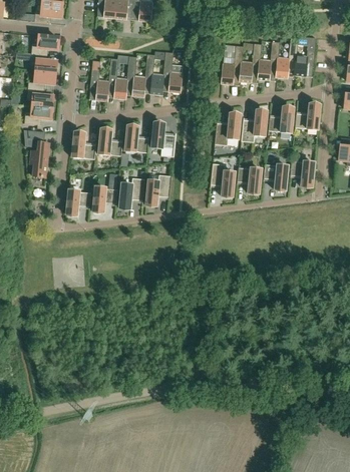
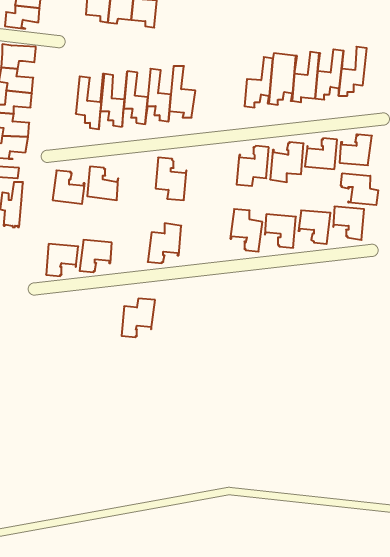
building: [124,126,149,152] -> none
building: none -> [341,173,378,205]
building: [119,178,145,208] -> [122,299,155,337]

